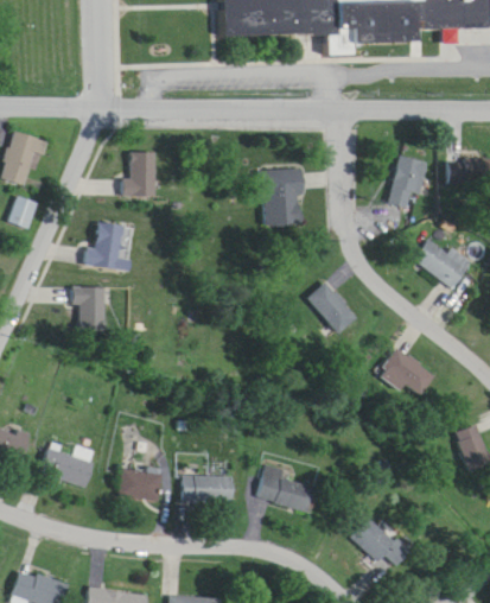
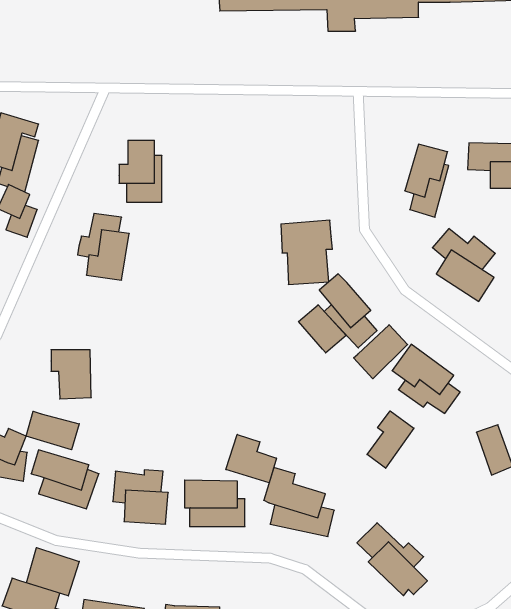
building: [256,161,305,222] -> [281,220,332,284]
building: [69,281,107,328] -> [51,350,91,399]
building: none -> [299,305,346,353]
building: none -> [354,325,408,379]
building: none -> [367,411,414,468]
building: none -> [26,411,79,450]
building: none -> [226,434,276,483]
building: none -> [26,548,79,596]

